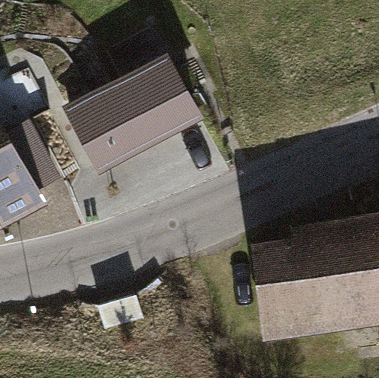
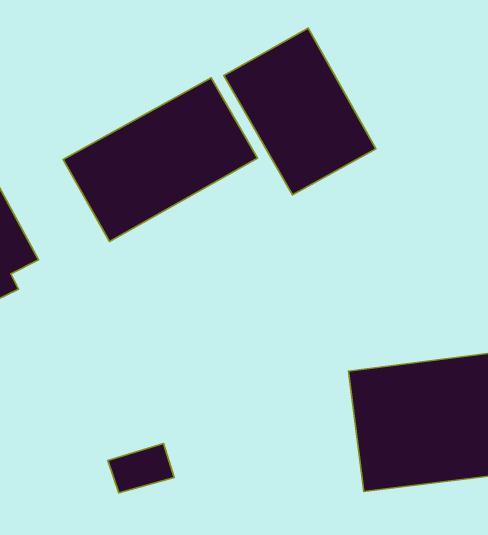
building: none -> [224,28,376,195]

